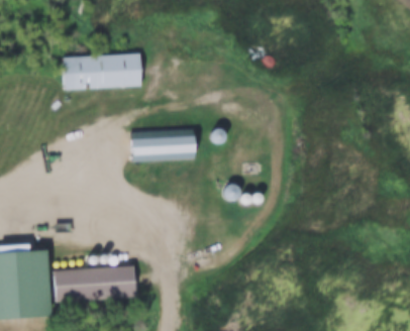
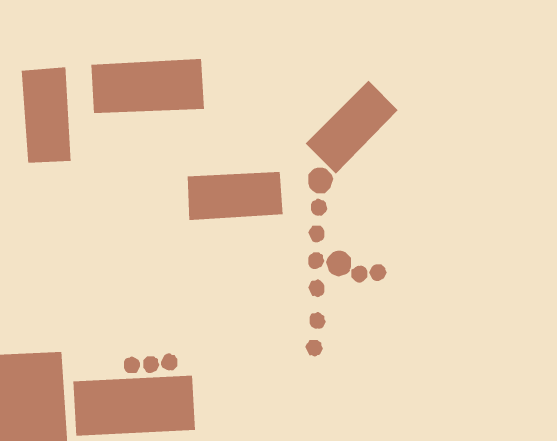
building: none -> [21,66,71,164]
building: none -> [305,80,398,174]

